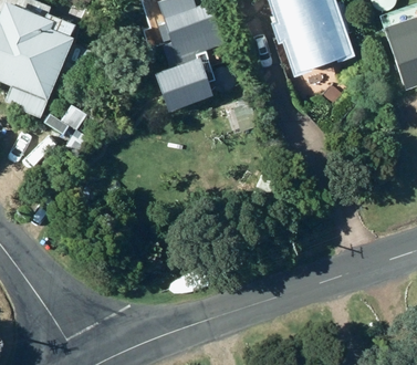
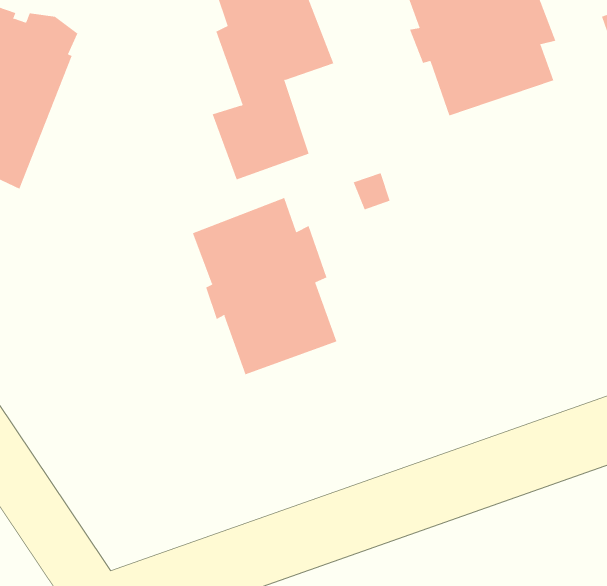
building: none -> [192,197,337,375]

